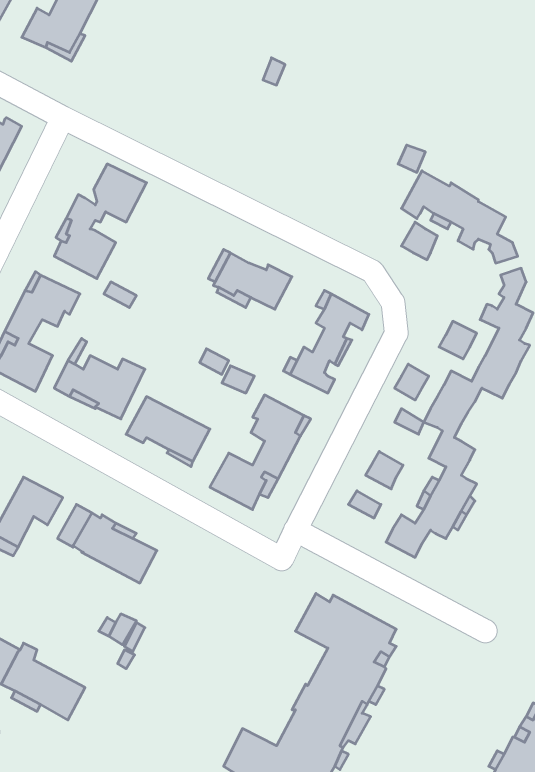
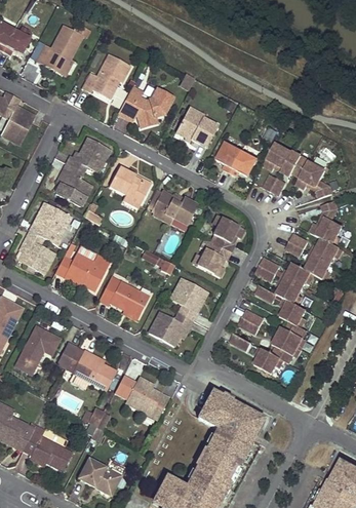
building: none -> [81,53,130,100]
building: none -> [117,89,171,127]
building: none -> [175,108,216,147]
building: none -> [216,143,256,177]
building: none -> [109,165,151,208]
building: none -> [122,376,167,419]
building: none -> [78,457,122,496]

